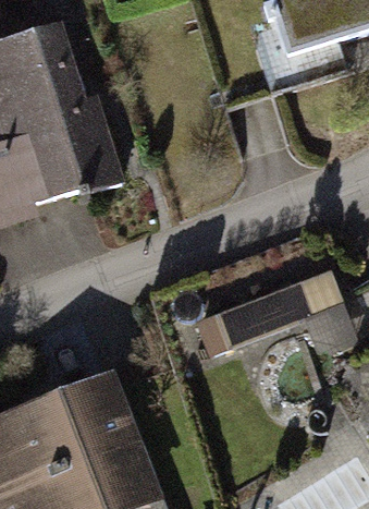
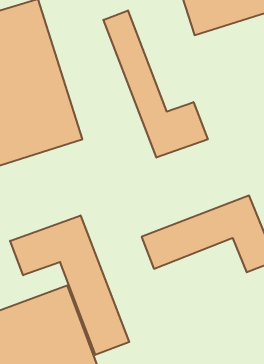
building: none -> [103,10,208,158]
building: none -> [10,215,129,355]

